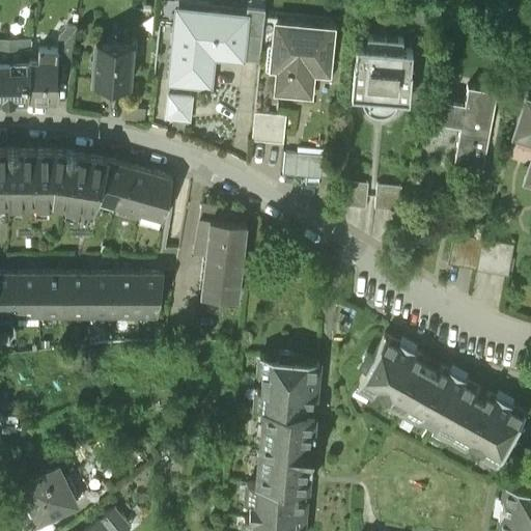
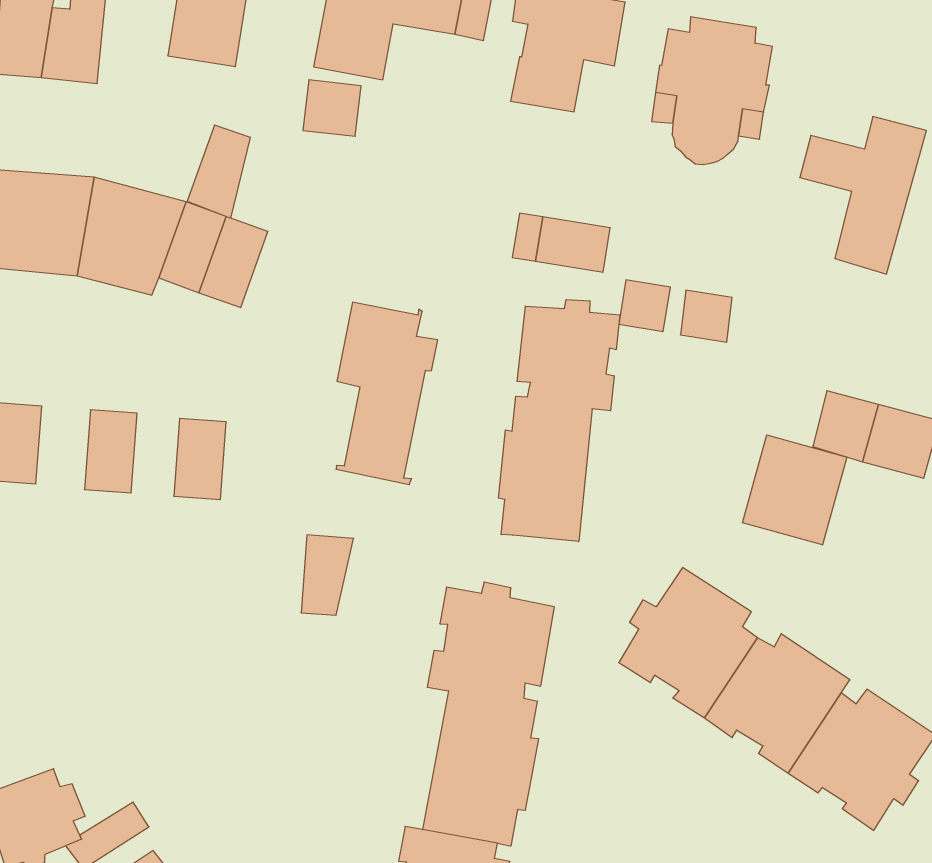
building: [254,116,287,145] -> none
building: [141,175,172,224] -> [187,125,251,218]
building: none -> [498,300,620,542]
building: none -> [742,435,847,545]
building: [39,277,65,319] -> none
building: [90,277,113,319] -> none
building: [138,278,163,319] -> [301,535,354,615]

